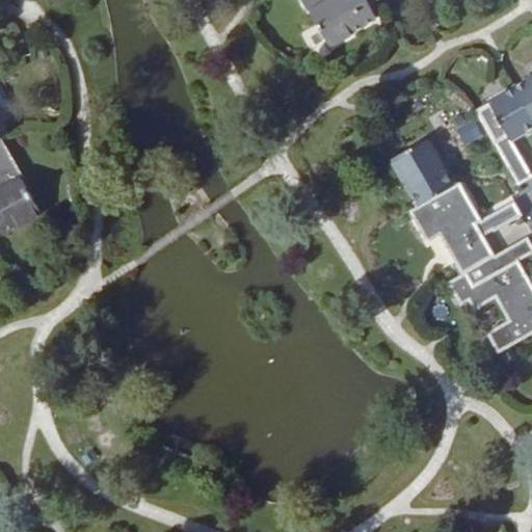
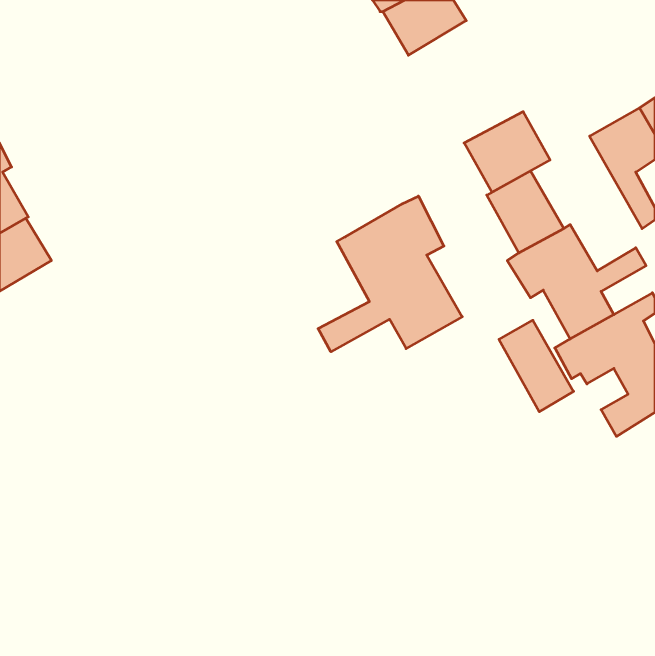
building: none -> [464,112,550,192]
building: none -> [318,196,462,352]
building: none -> [499,320,574,412]

